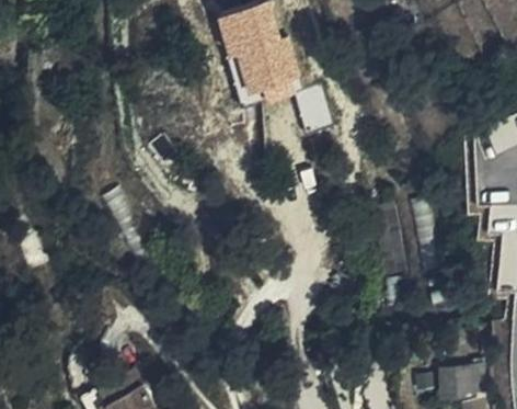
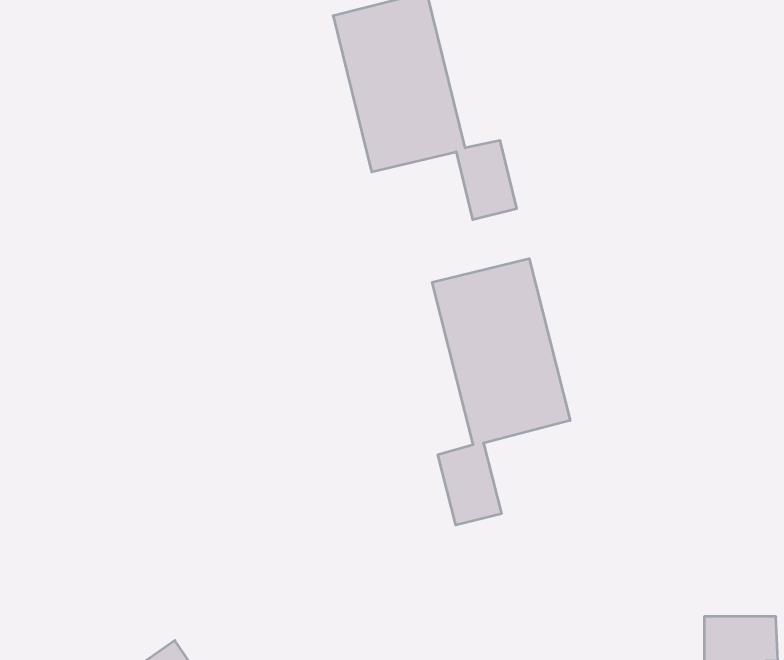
building: none -> [432,259,570,525]

